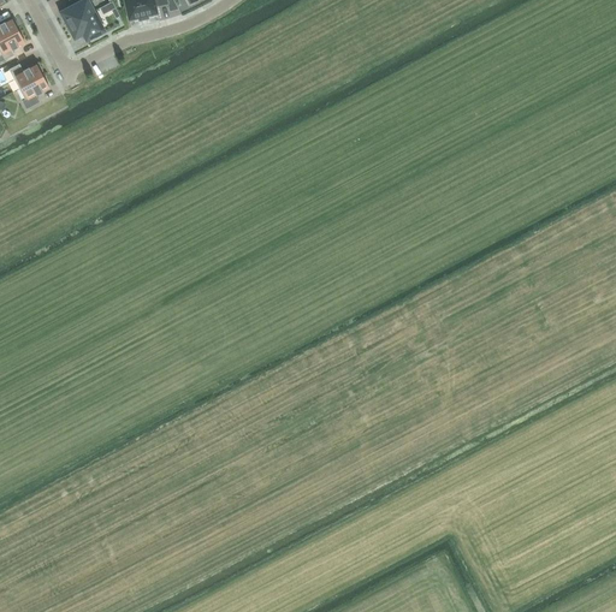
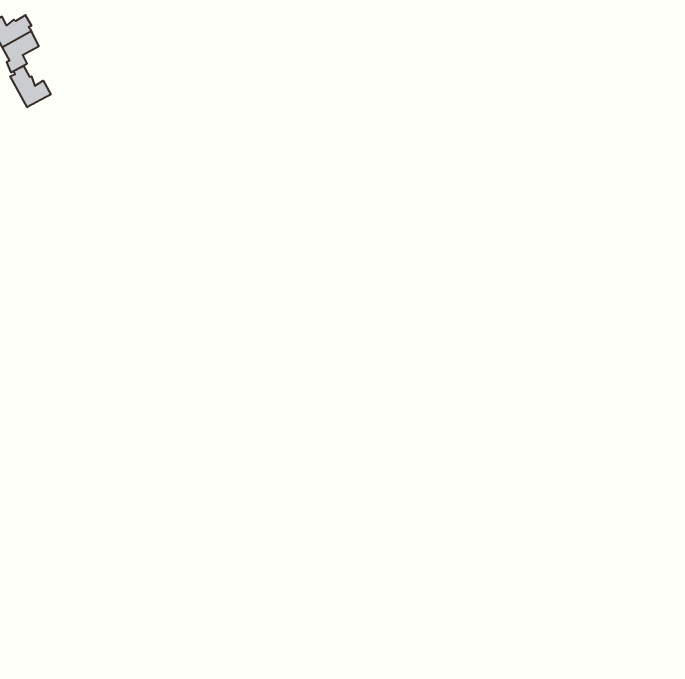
building: none -> [10,66,51,107]

